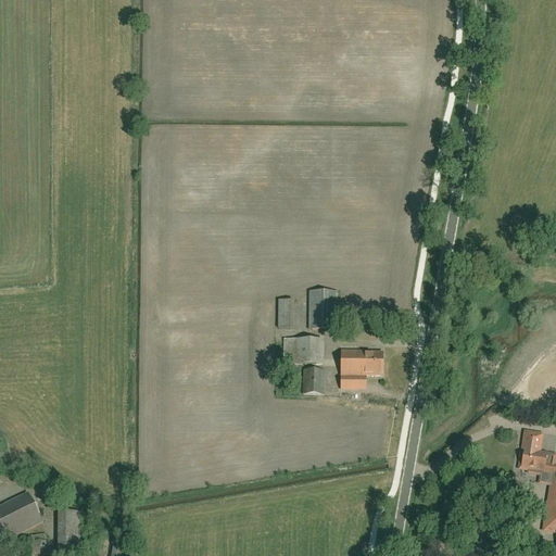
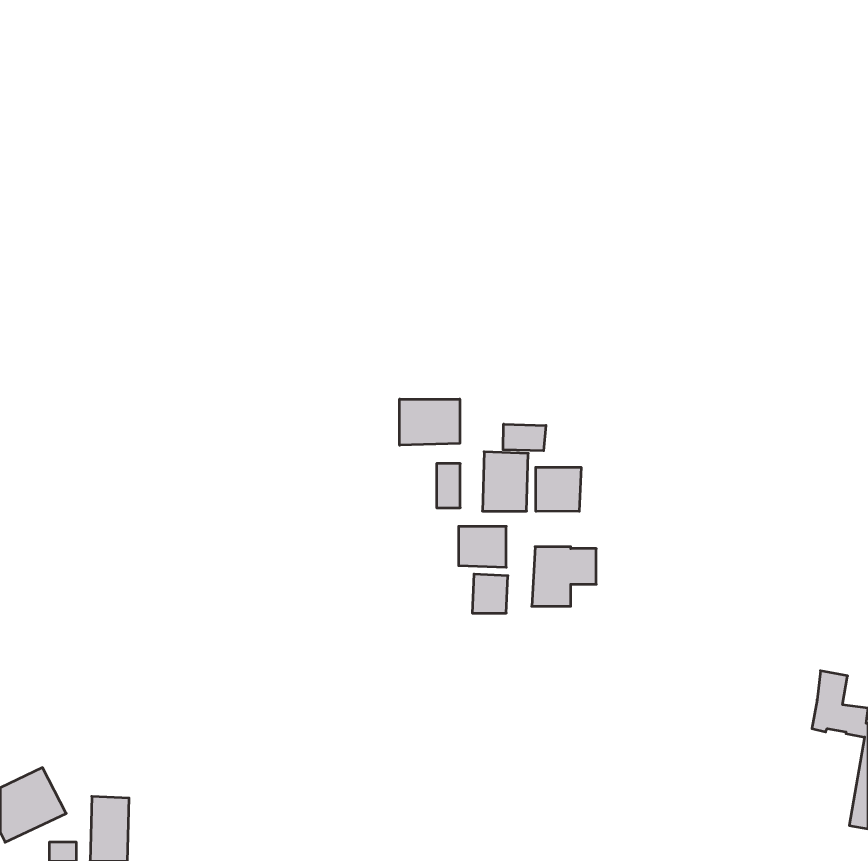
building: none -> [400,399,460,445]
building: none -> [503,424,546,451]
building: none -> [536,467,581,511]

